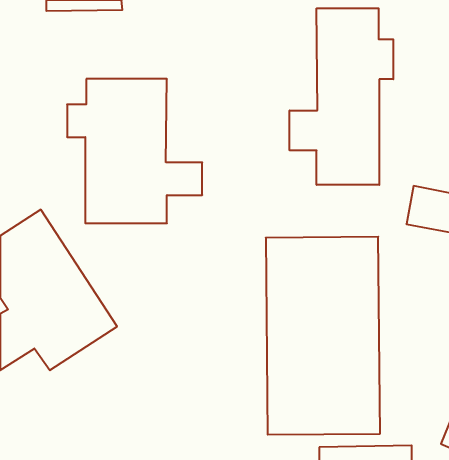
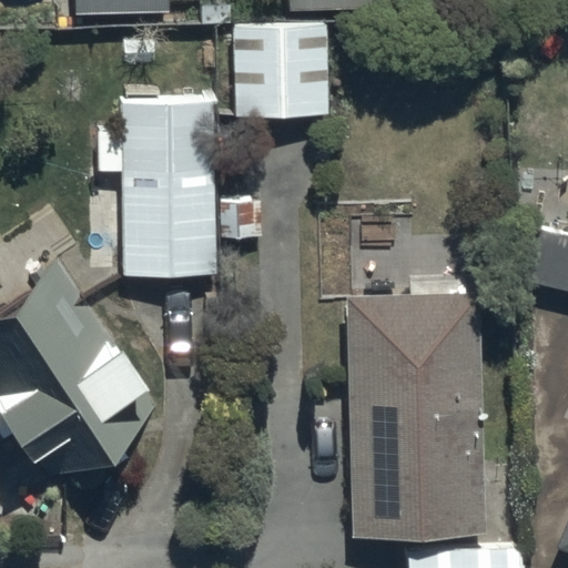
building: [290,8,393,185] -> none
building: none -> [234,24,334,115]

